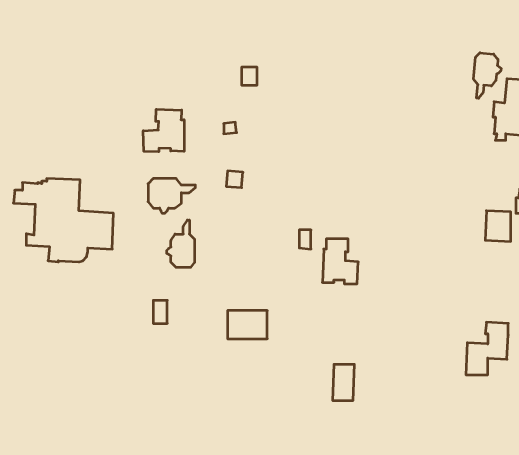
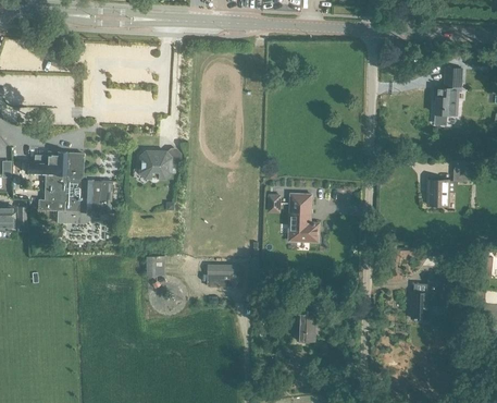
building: [474,53,501,98] -> none
building: [143,109,184,152] -> none
building: [167,220,195,267] -> none

